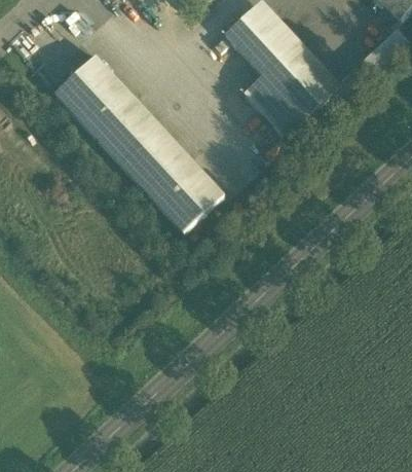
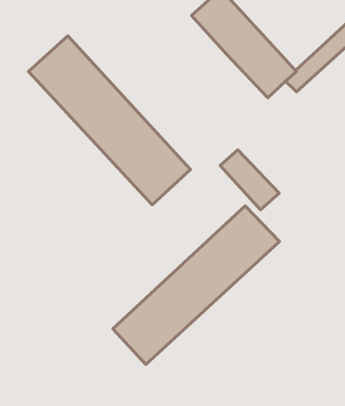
building: [244,72,305,135] -> [220,150,279,210]
building: none -> [113,206,279,365]

